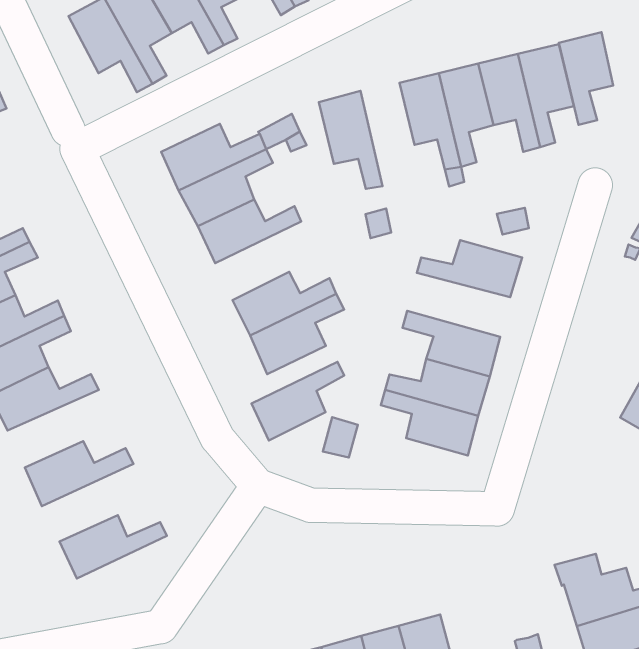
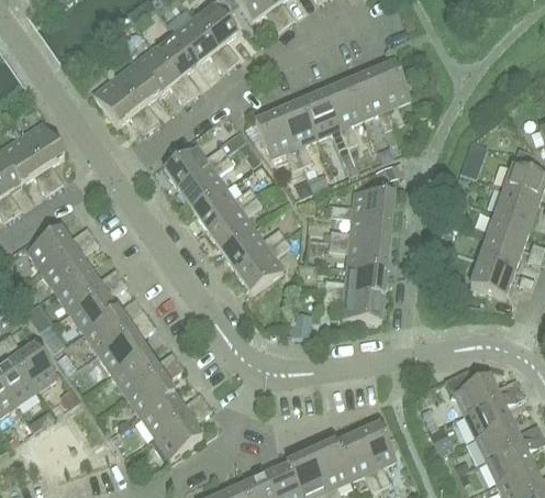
building: [559,32,613,125] -> none
building: none -> [278,100,316,165]
building: none -> [329,214,390,245]
building: [251,362,344,441] -> [207,195,260,250]
building: none -> [97,318,154,373]
building: none -> [125,359,182,414]
building: none -> [154,400,211,457]

